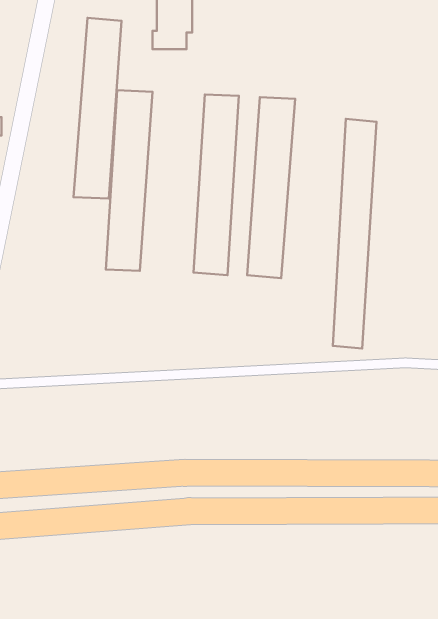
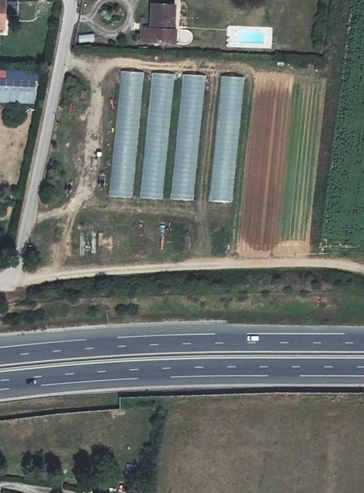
building: [73,18,122,199] -> [140,71,174,199]
building: [333,119,377,349] -> none

